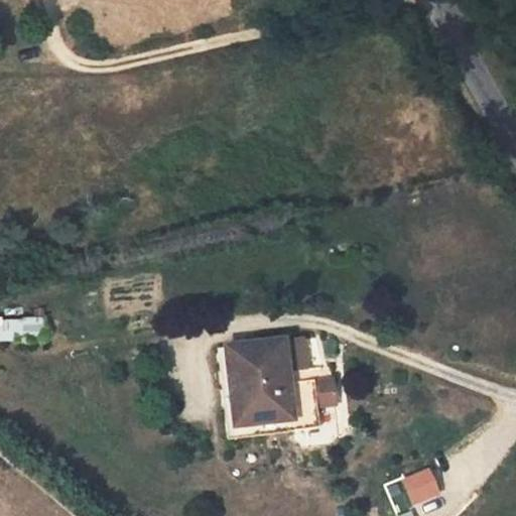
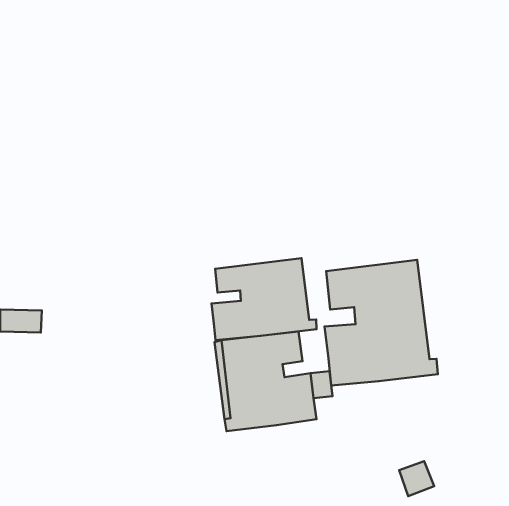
building: none -> [211,258,317,340]
building: none -> [325,260,438,385]

